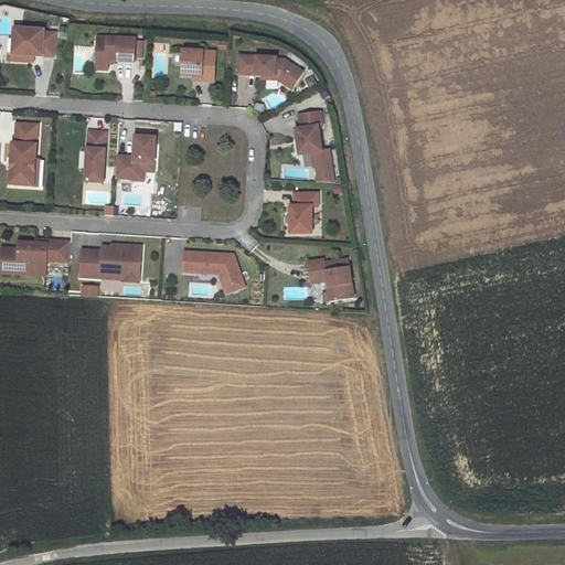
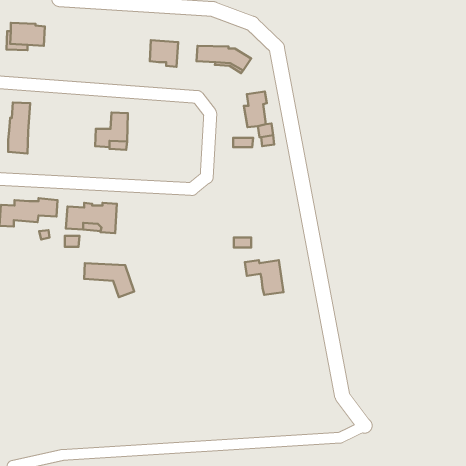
building: [95,36,135,68] -> none
building: [85,131,106,182] -> none
building: [289,192,317,233] -> none
building: [183,252,244,292] -> [84,263,134,297]
building: [307,258,353,300] -> [245,260,283,295]

